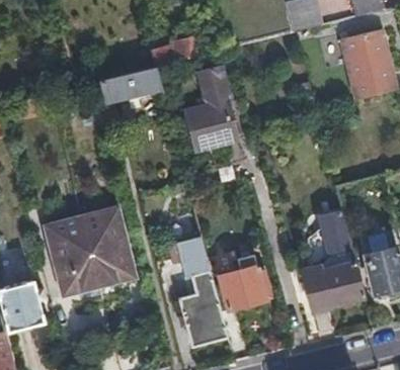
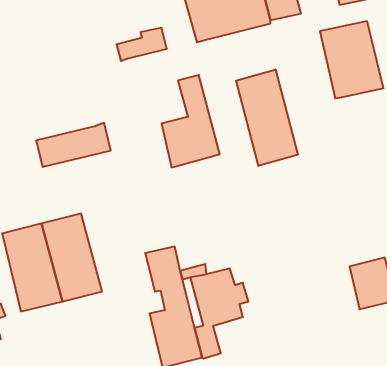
building: [96,64,165,104] -> [36,123,111,167]
building: none -> [236,69,298,166]
building: [303,225,363,311] -> none

